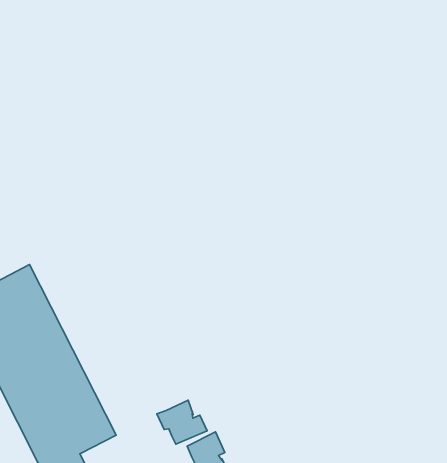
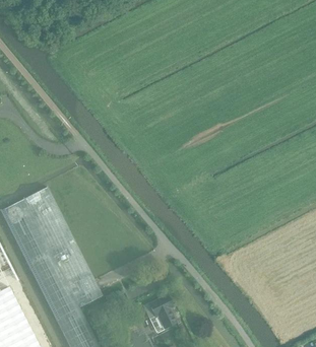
building: [157,400,207,444] -> none

